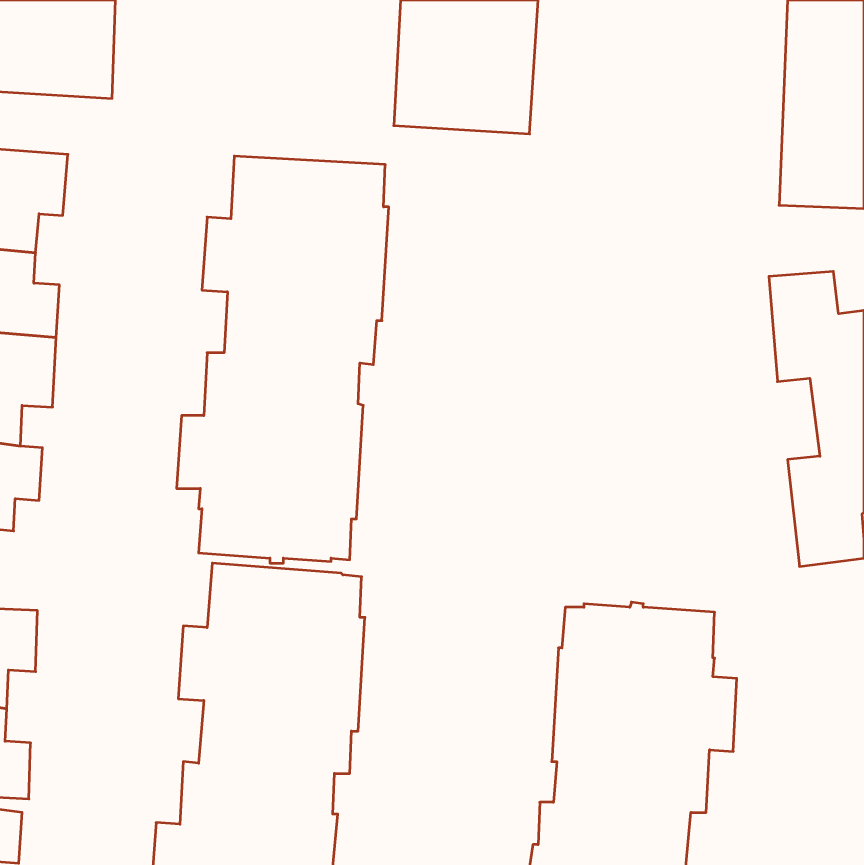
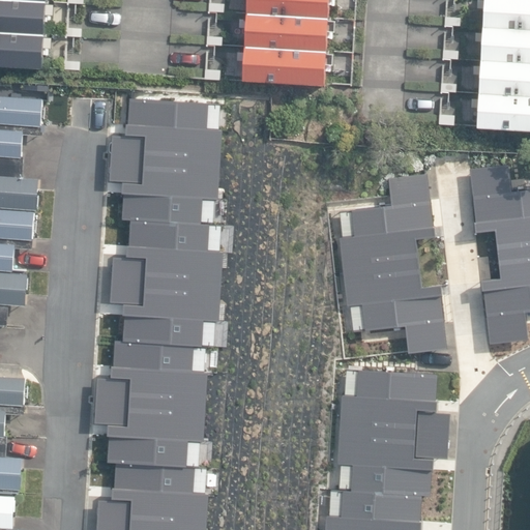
building: none -> [338,175,446,354]

